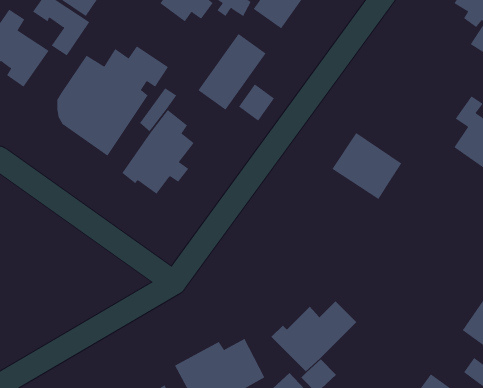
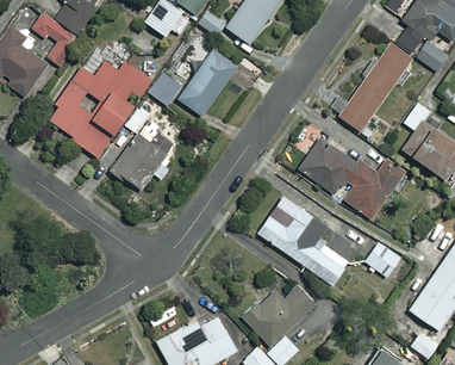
building: none -> [339,42,412,130]
building: [238,84,275,122] -> [149,72,181,105]
building: none -> [343,157,404,218]
building: none -> [257,196,349,285]
building: none -> [364,242,399,276]

